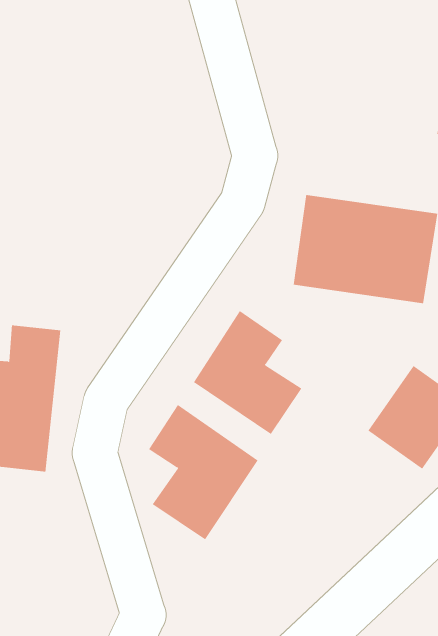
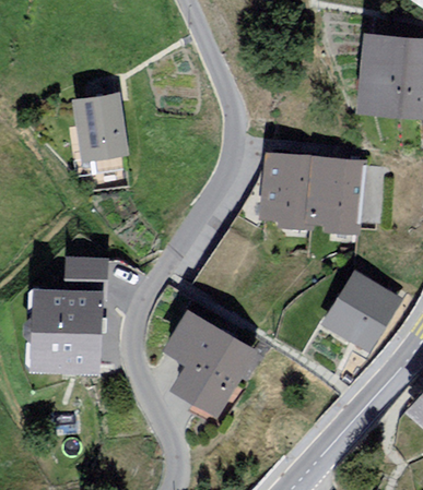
building: none -> [77,96,121,166]
building: [193,310,302,435] -> none

